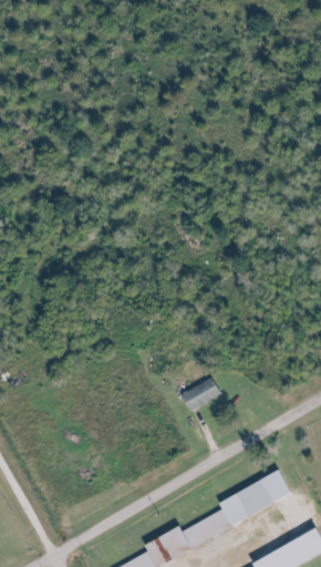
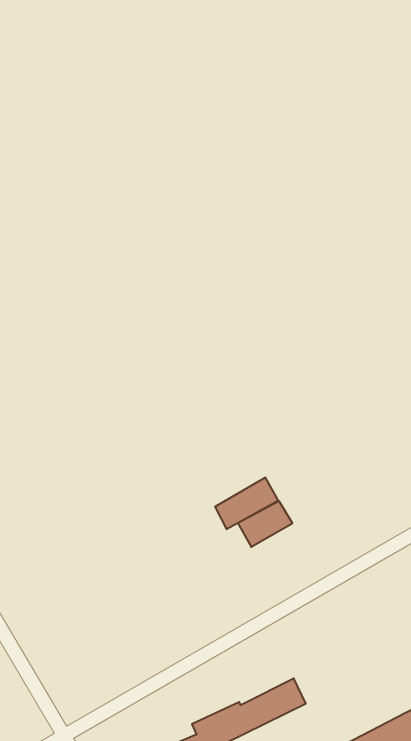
building: none -> [215,477,278,529]
building: [219,471,292,525] -> none

